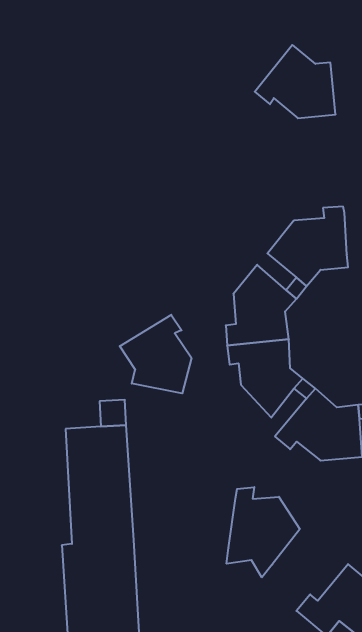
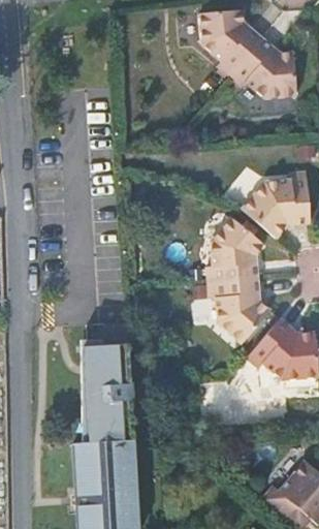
building: none -> [199,9,261,75]
building: [120,315,191,393] -> none
building: [227,487,300,577] -> none

